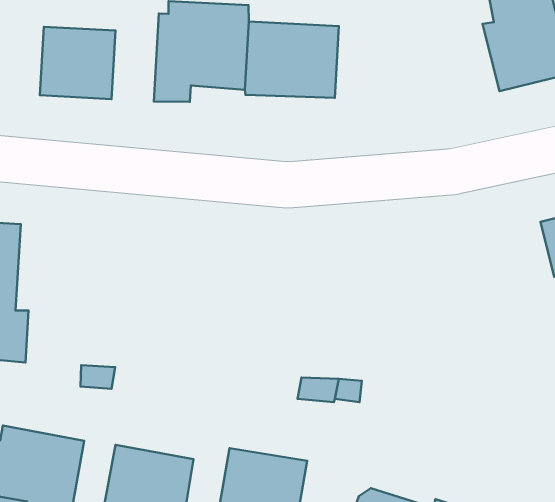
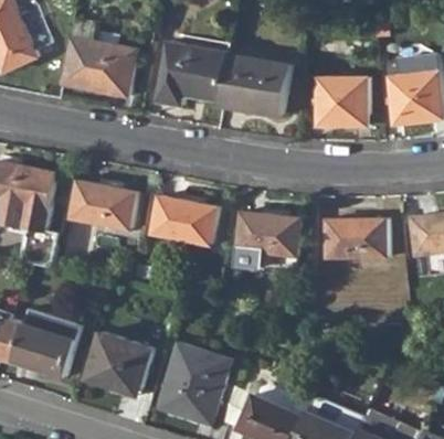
building: none -> [316,78,366,126]
building: none -> [325,219,385,258]
building: none -> [67,182,135,231]
building: none -> [149,197,215,245]
building: none -> [235,213,299,256]

